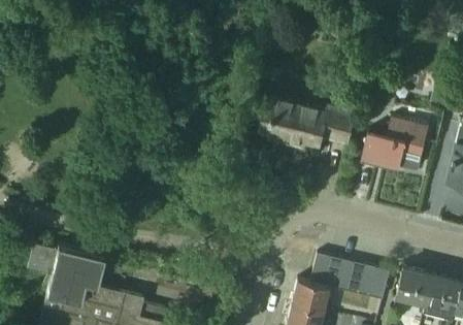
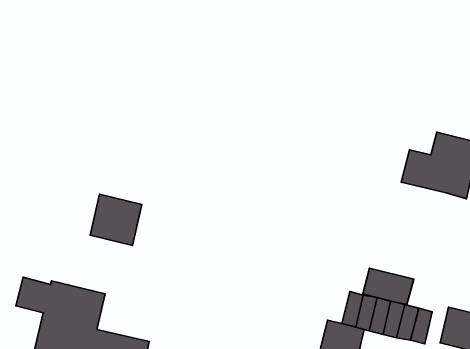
building: [259,96,357,144] -> none
building: none -> [90,194,142,246]
building: none -> [363,268,414,305]

